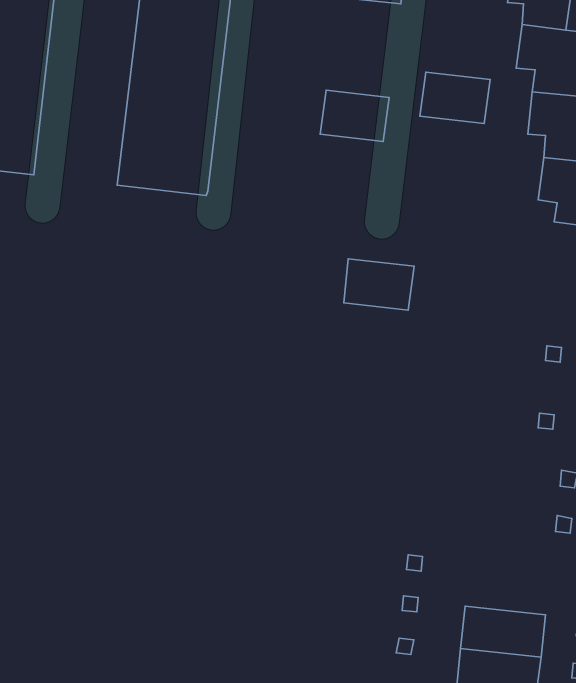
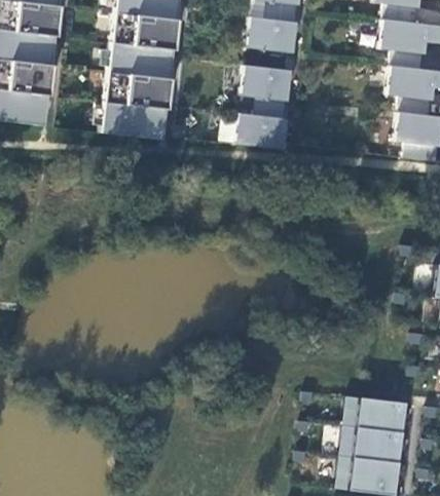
building: [420,72,490,123] -> [250,16,299,52]
building: [344,259,414,310] -> [239,113,288,149]
building: none -> [346,396,406,433]

